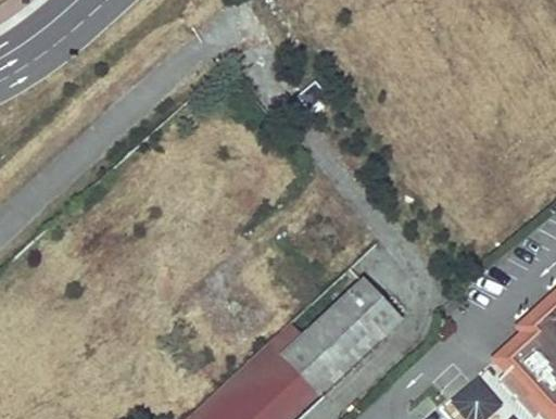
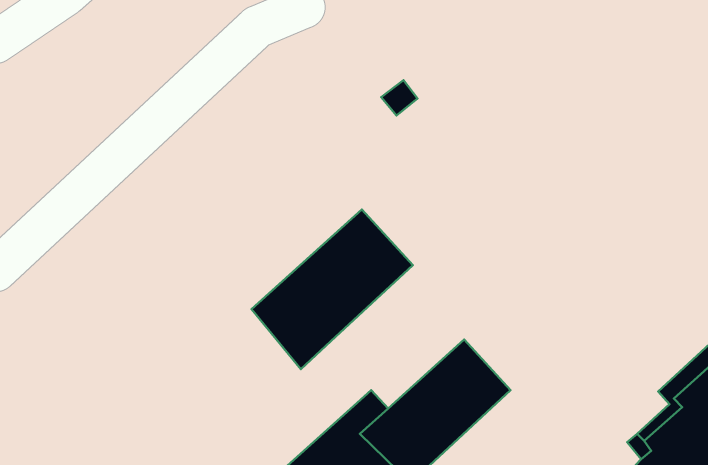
building: none -> [252,209,413,369]

